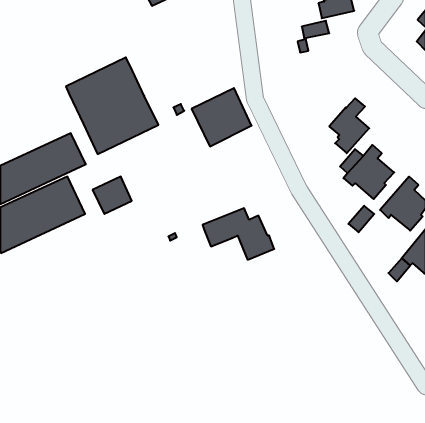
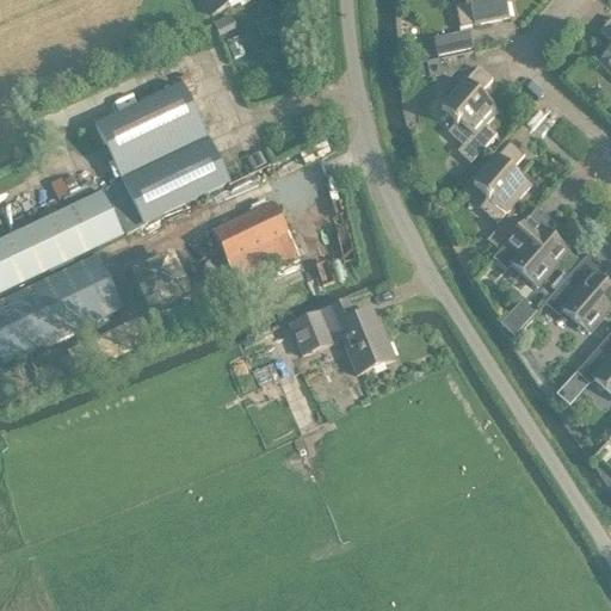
building: none -> [440,64,498,160]
building: [192,88,252,146] -> [212,200,298,284]

